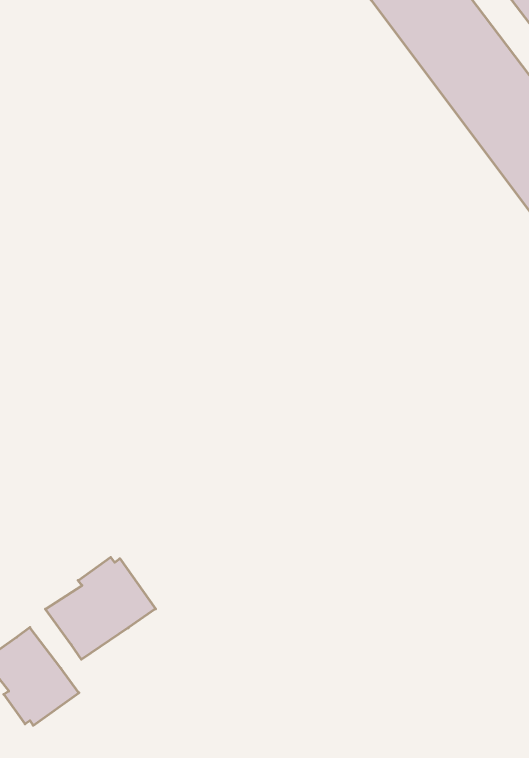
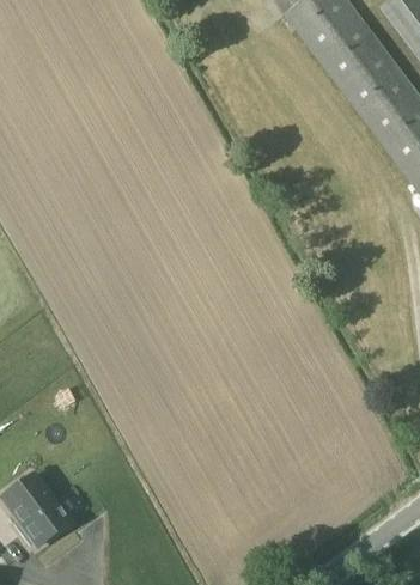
building: [45,557,156,659] -> none

